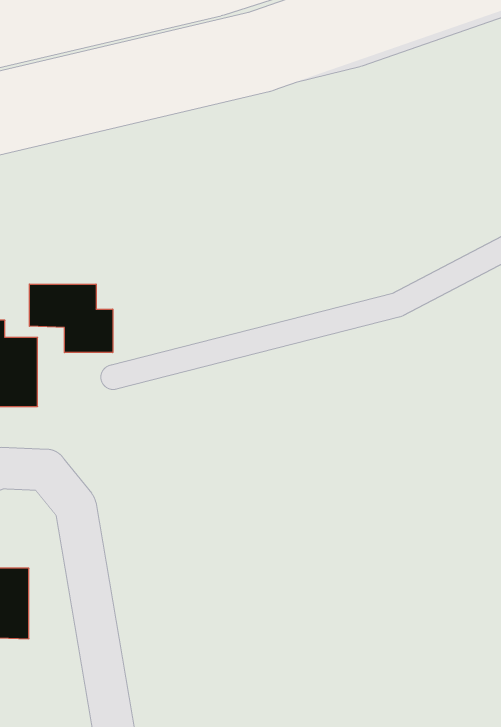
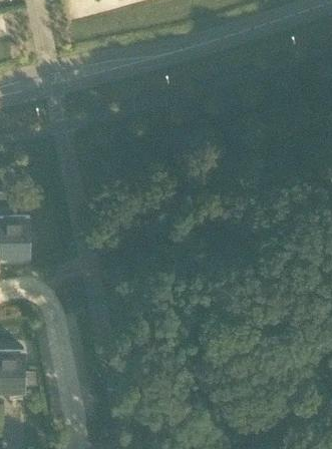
building: [29,284,113,353] -> none

